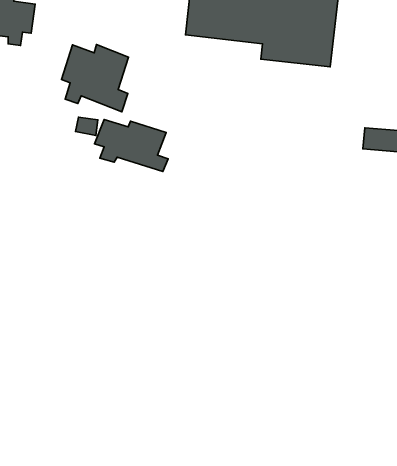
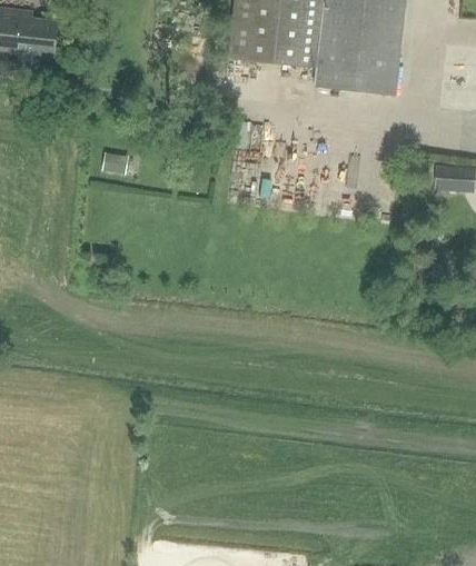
building: [61,45,128,112] -> none
building: [94,120,168,172] -> none

